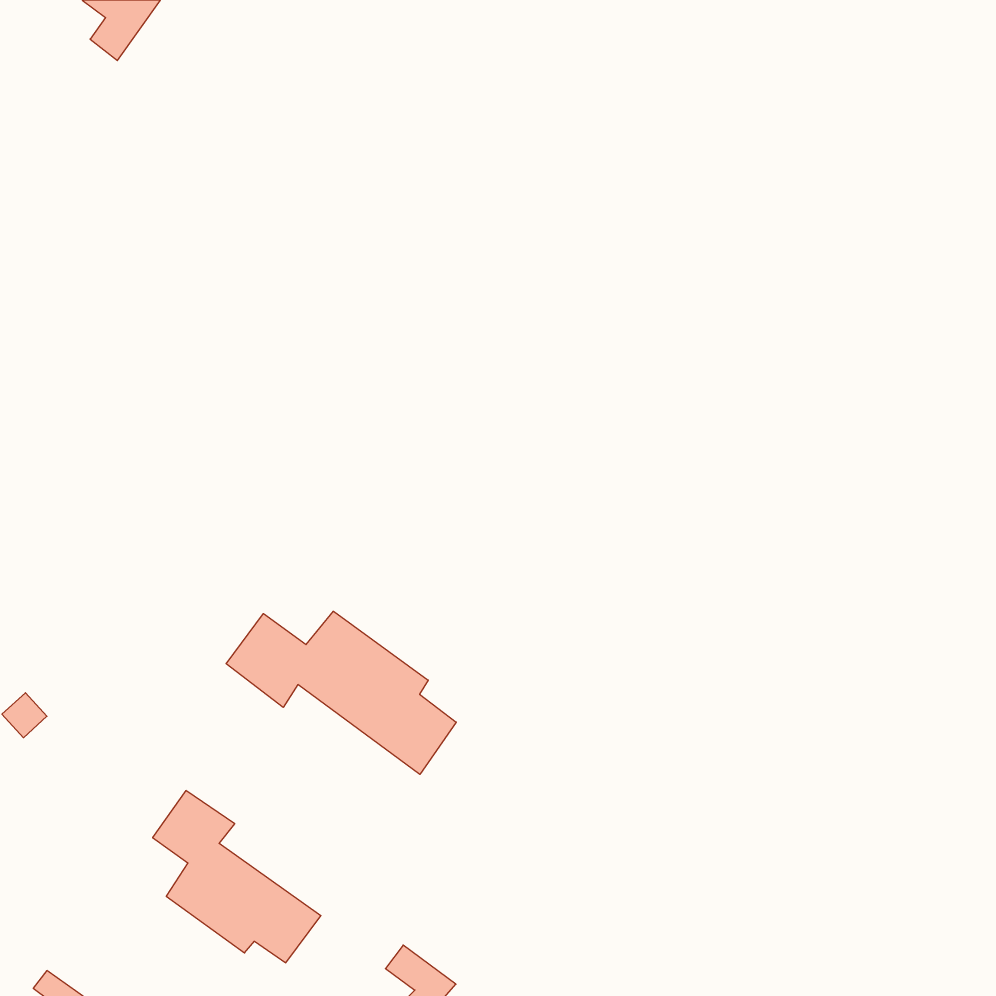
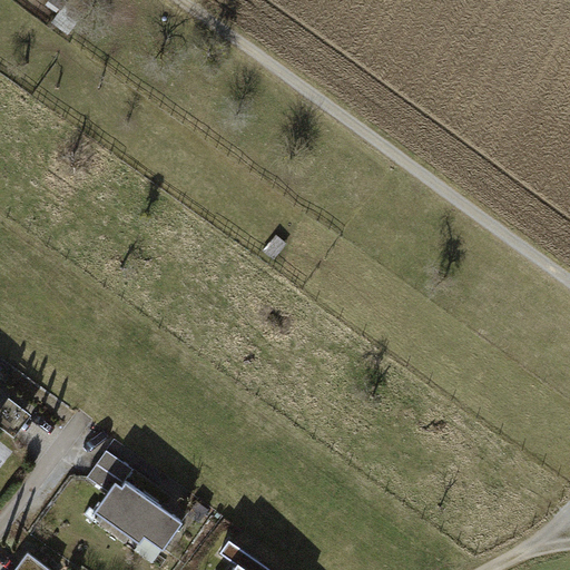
building: [226,611,456,774] -> none

